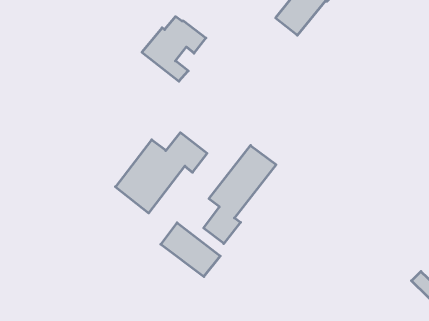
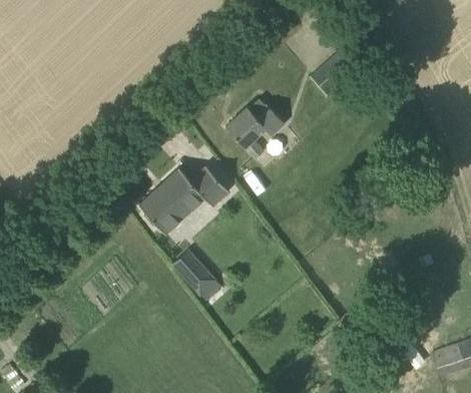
building: [142,17,206,81] -> [224,99,285,158]
building: [204,145,276,244] -> none

